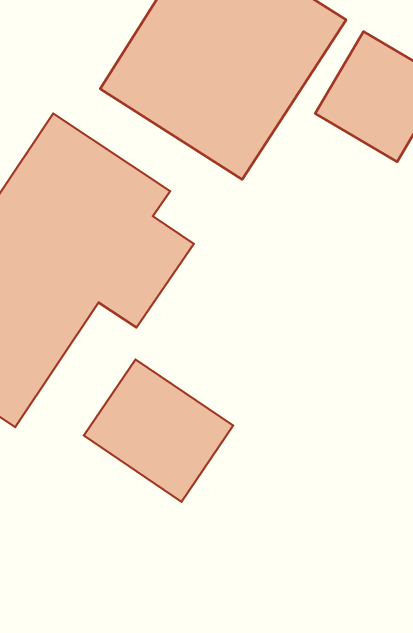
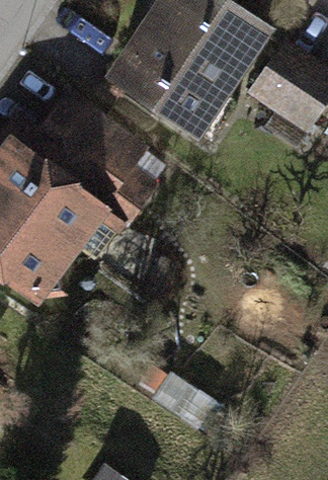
building: [84,359,233,502] -> none

